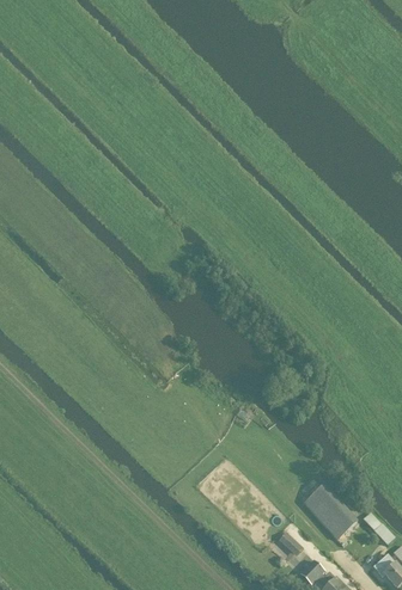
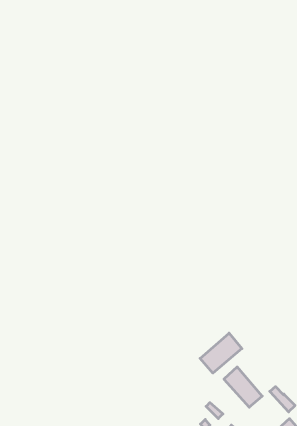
building: none -> [200,333,242,373]

